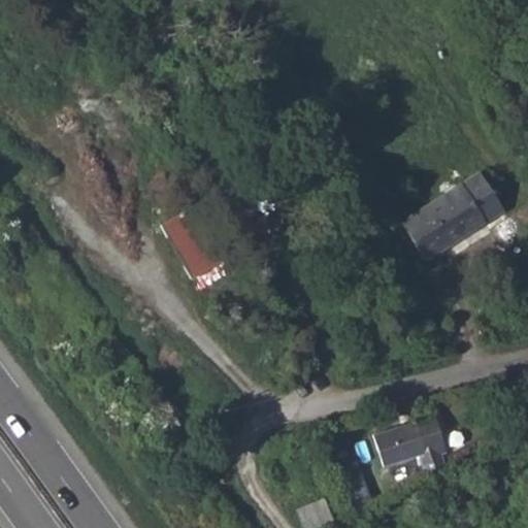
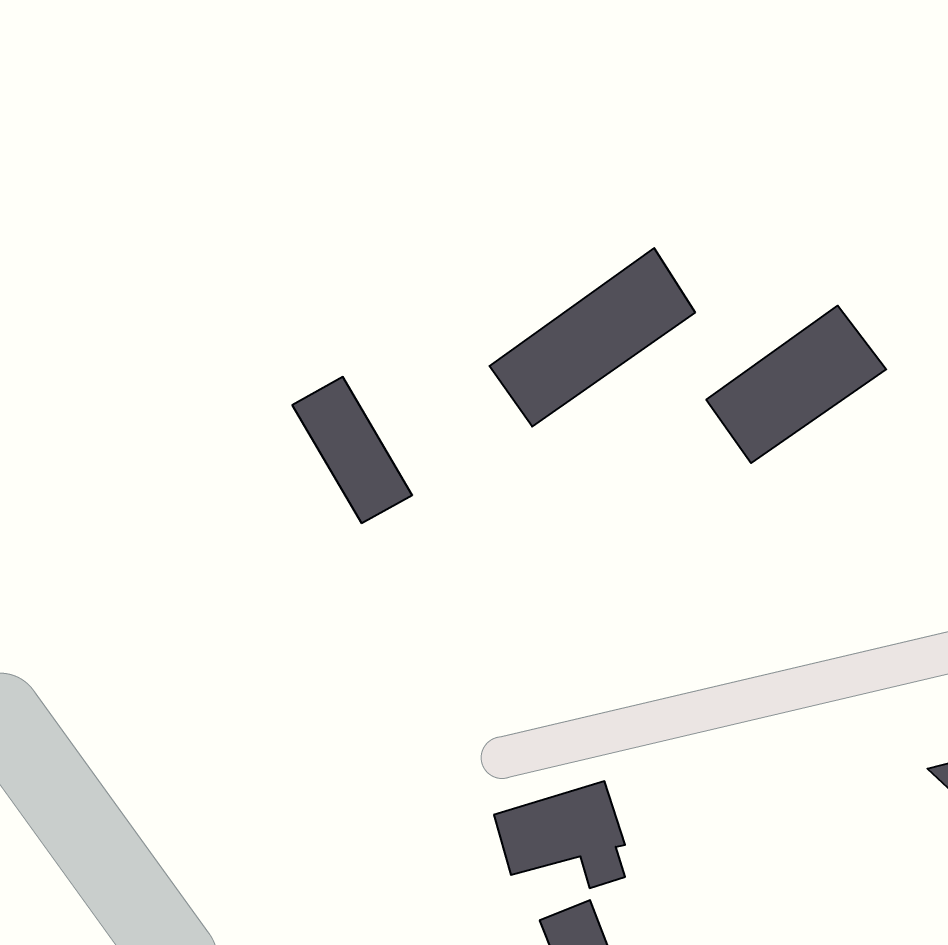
building: none -> [489,248,695,427]
building: [380,422,452,481] -> [494,781,625,888]

